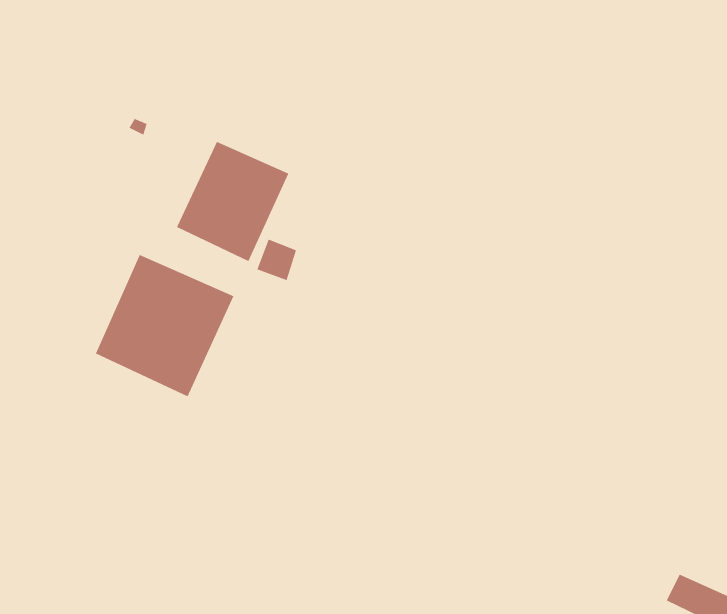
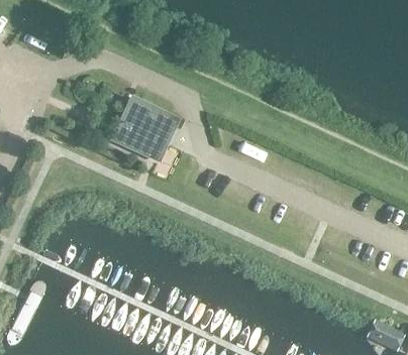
building: [95,254,234,397] -> none

